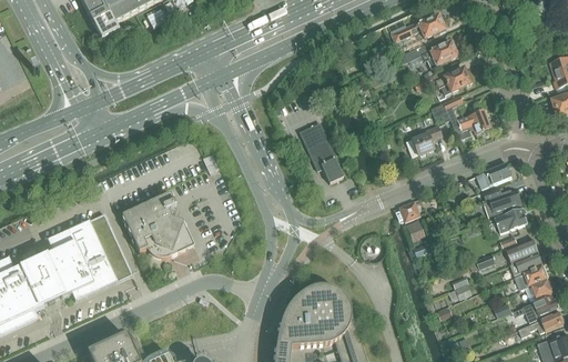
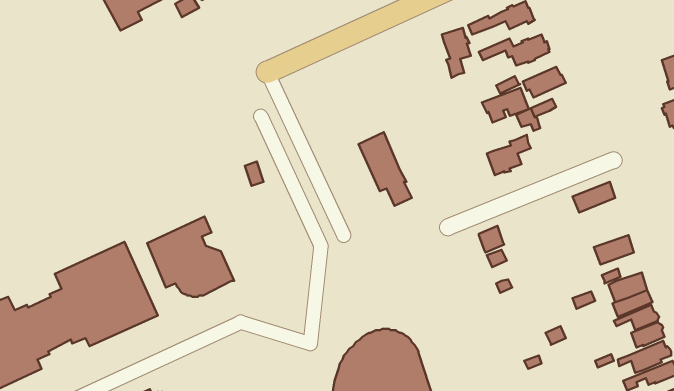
building: none -> [442,28,471,78]
building: [450,109,489,138] -> [482,88,529,123]
building: [484,187,520,213] -> none

